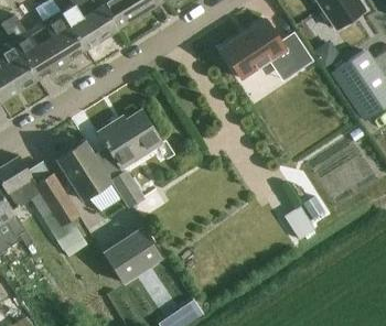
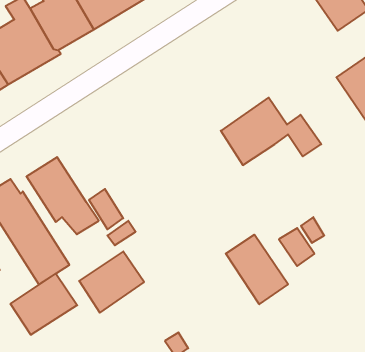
building: [221,19,311,79] -> [221,98,321,165]
building: [97,110,162,169] -> none
building: none -> [226,235,288,304]
building: none -> [11,274,77,335]

